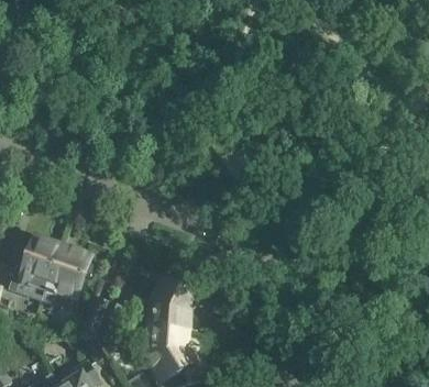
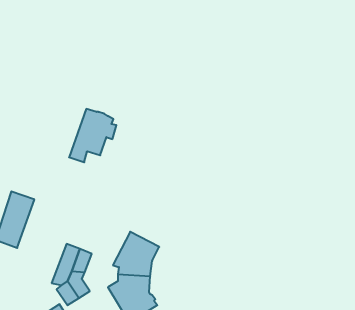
building: [37,245,89,303] -> [69,109,116,162]

